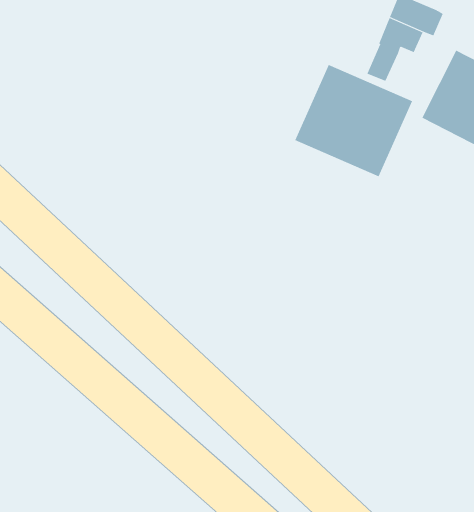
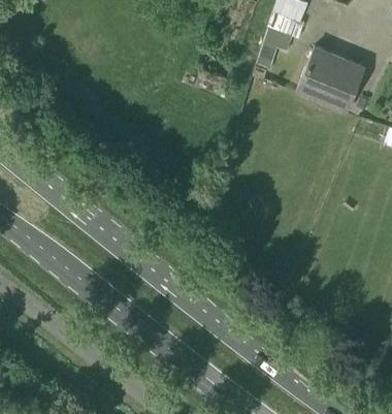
building: [294,64,413,177] -> none

